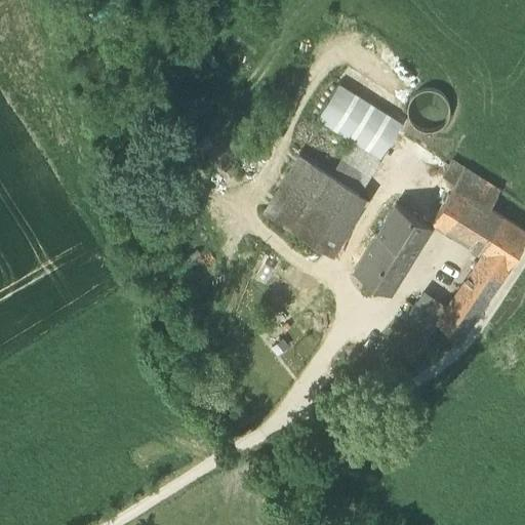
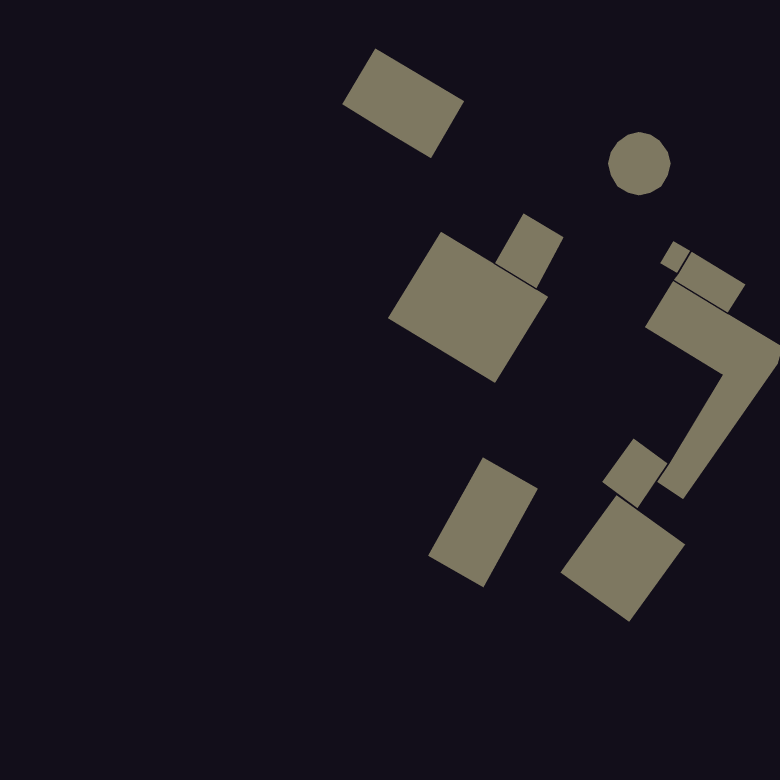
building: [319,85,402,160] -> [341,47,465,159]
building: [358,208,433,296] -> [427,457,539,588]
building: none -> [560,494,686,623]

